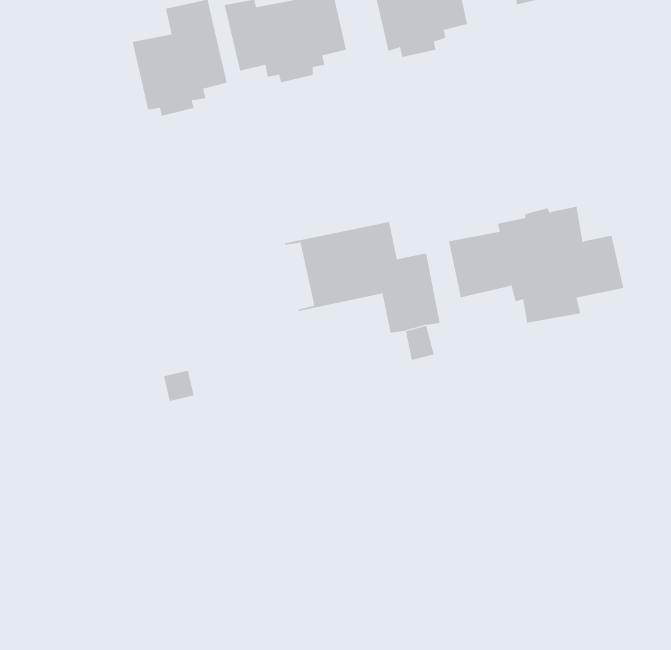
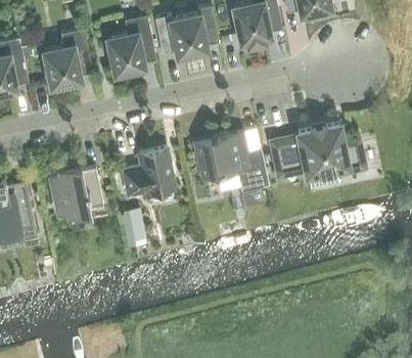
building: none -> [43,30,92,91]
building: none -> [123,148,175,195]
building: none -> [49,167,103,218]

